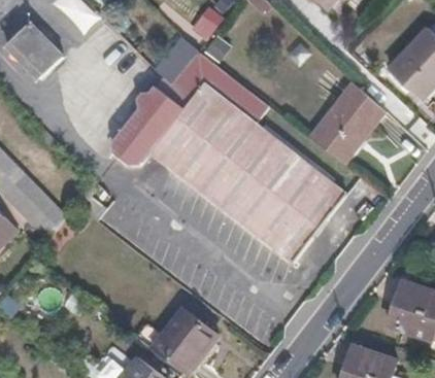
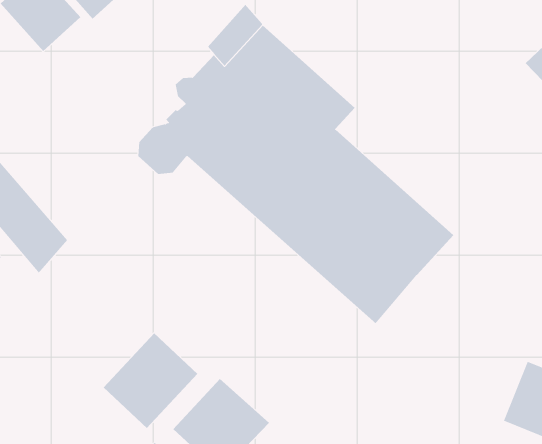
building: [309,81,383,164] -> none
building: none -> [103,332,198,429]

